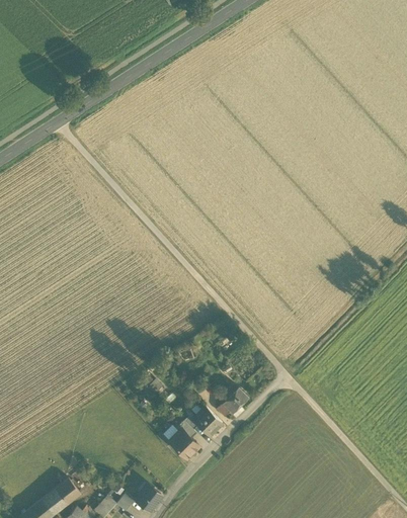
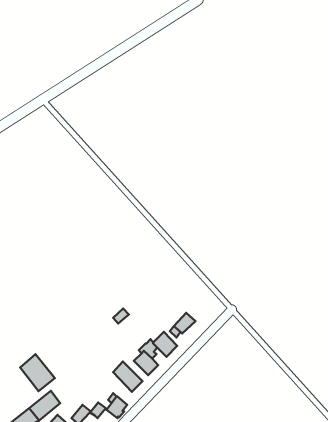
building: none -> [20,354,55,391]
building: none -> [113,361,143,392]

